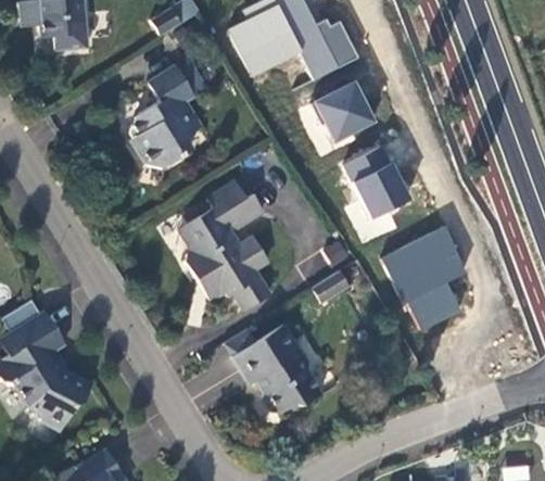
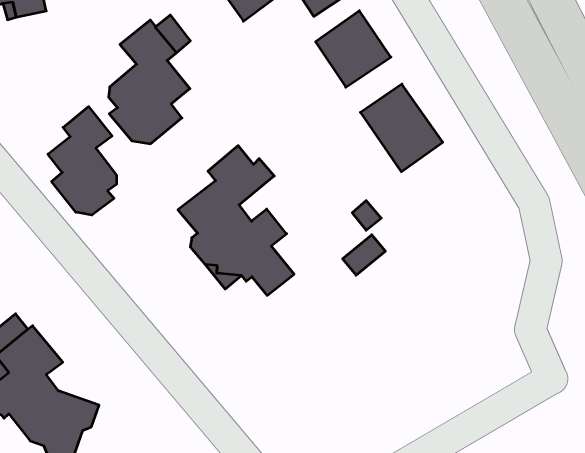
building: none -> [48,107,116,215]
building: [381,224,464,329] -> none
building: [233,324,322,416] -> none

